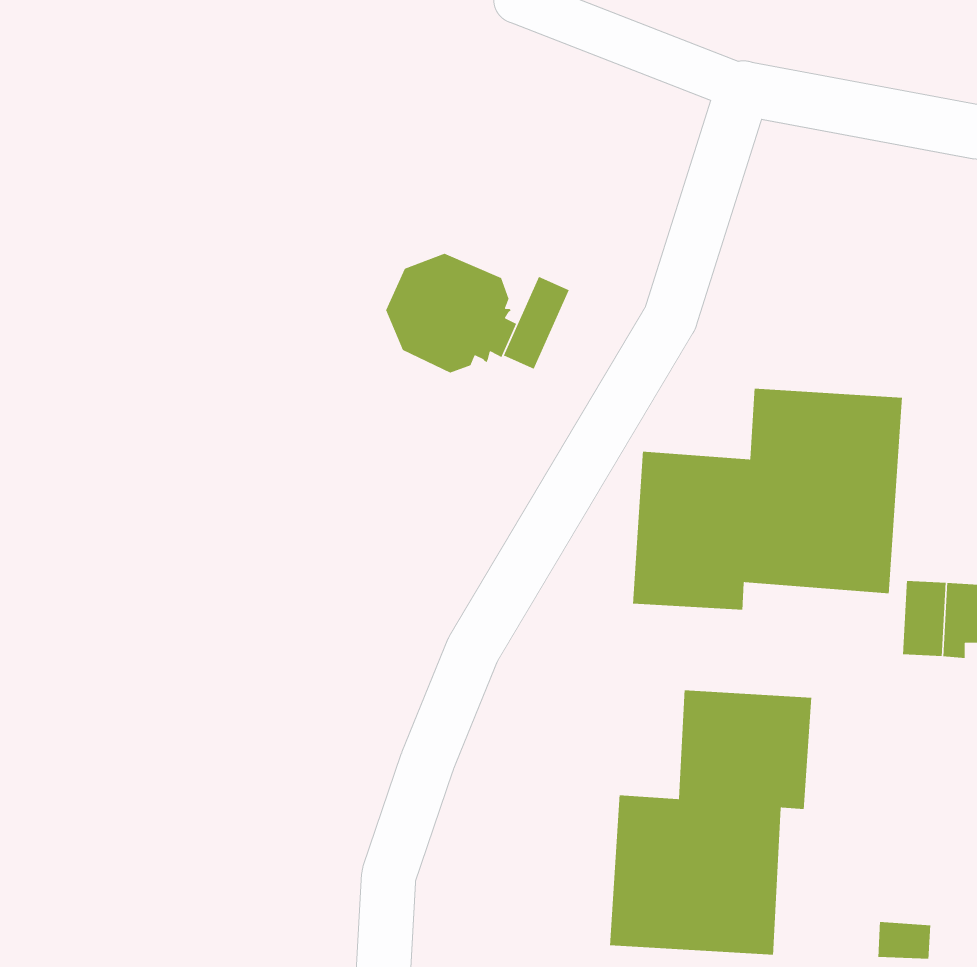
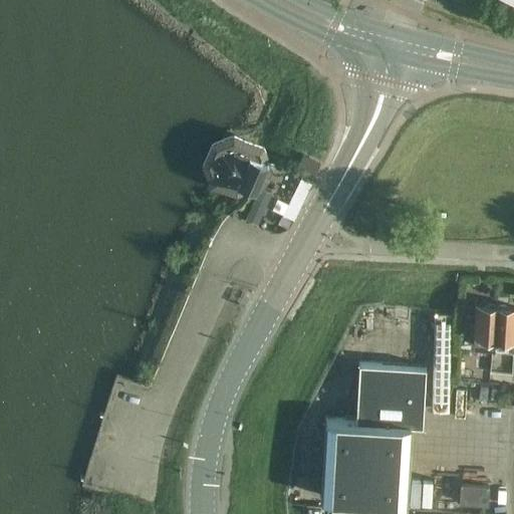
building: [503,276,570,370] -> none
building: [632,388,903,610] -> none

